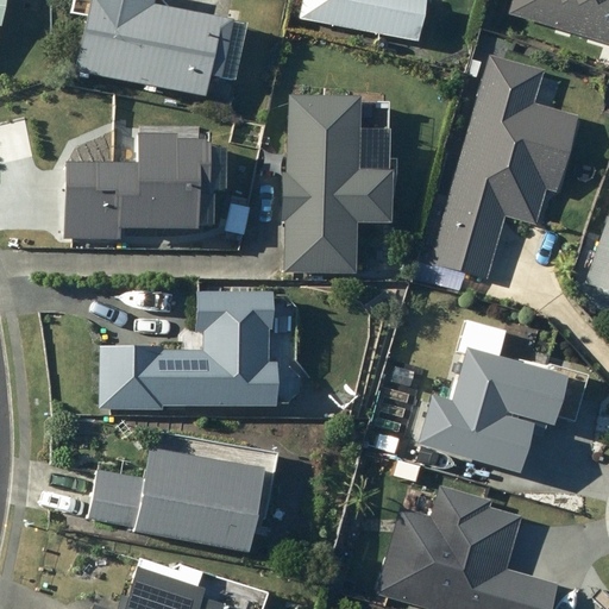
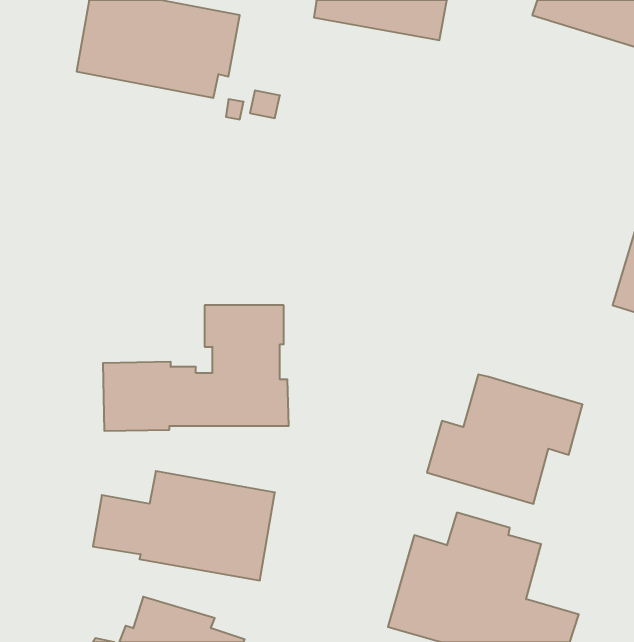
building: [435,61,577,281] -> none
building: [285,92,396,271] -> none
building: [61,139,202,245] -> none

